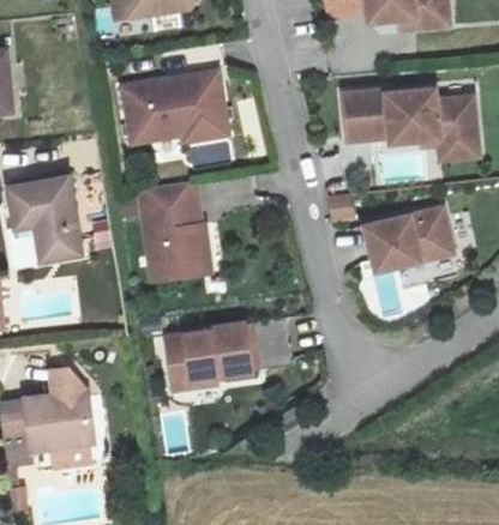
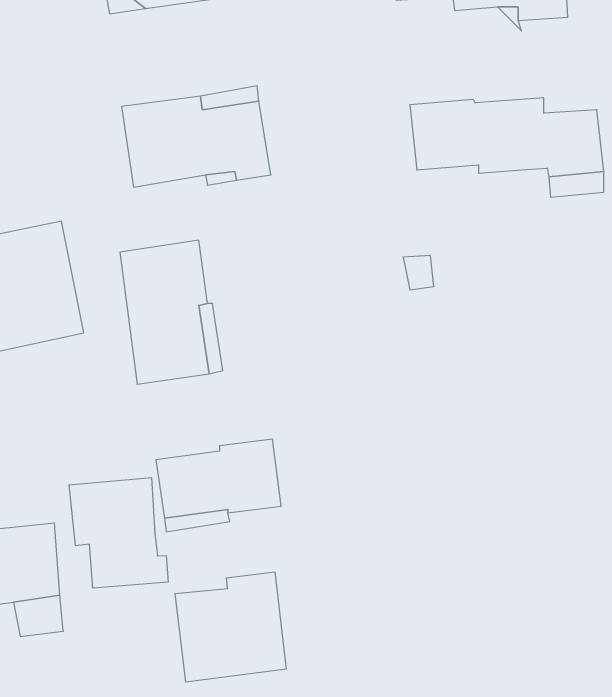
building: [357,203,446,266] -> none
building: none -> [69,478,168,588]
building: none -> [175,572,286,682]

